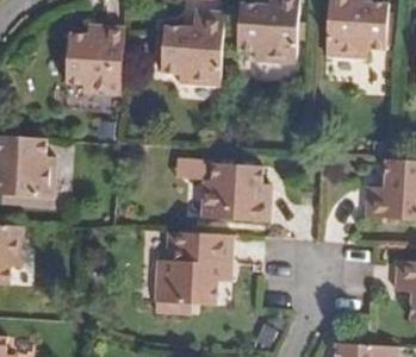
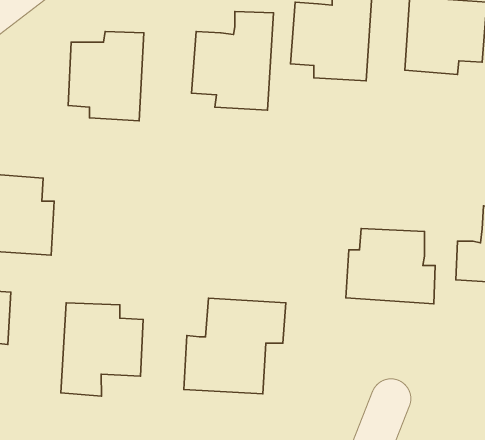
building: [201,163,271,221] -> [346,228,435,304]
building: none -> [61,303,143,396]

